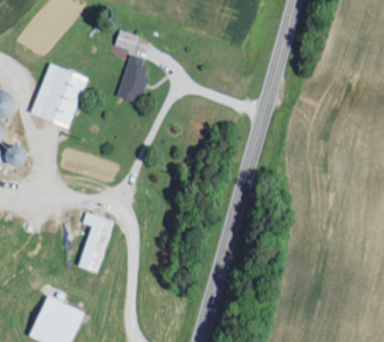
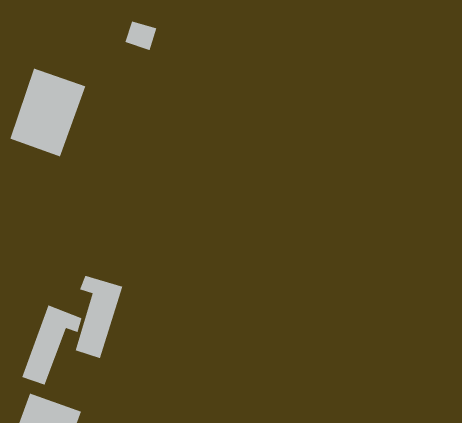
building: [115,54,148,102] -> none
building: none -> [22,305,82,385]

